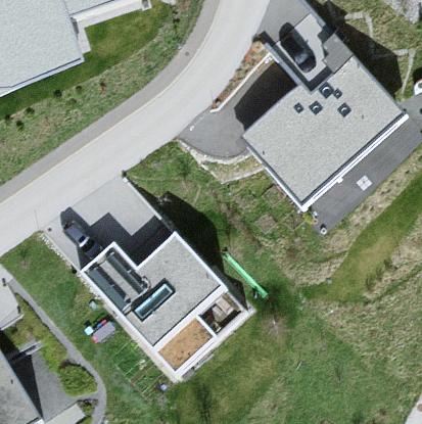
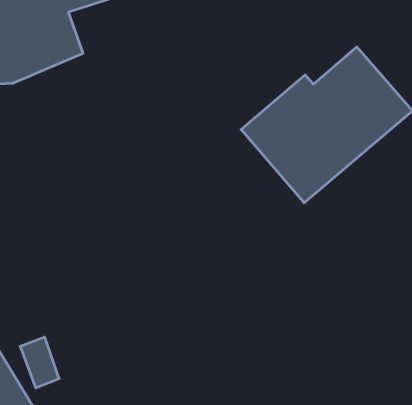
building: [83,233,228,375] -> none

